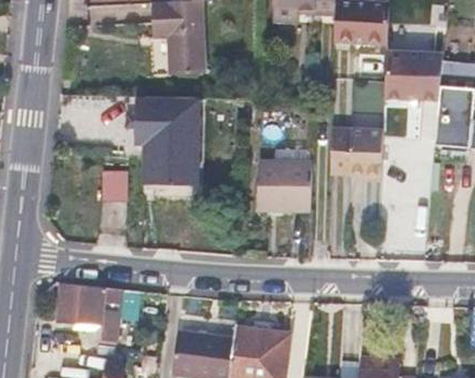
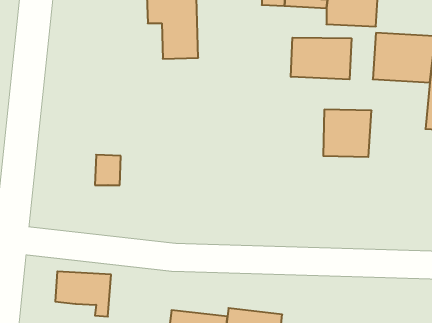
building: none -> [291,38,351,79]
building: [132,98,197,183] -> none
building: [258,162,310,209] -> none

